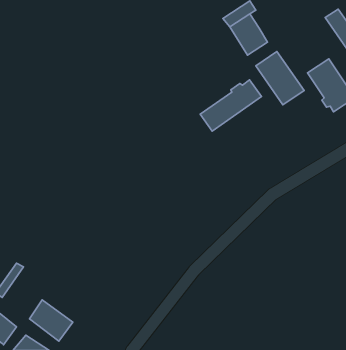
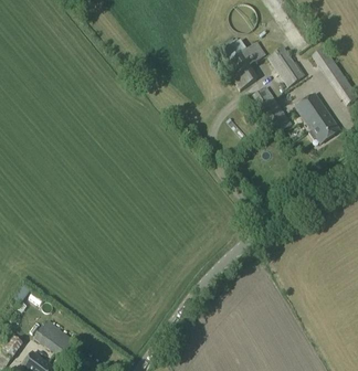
building: none -> [268,45,305,86]
building: [200,80,261,131] -> none

